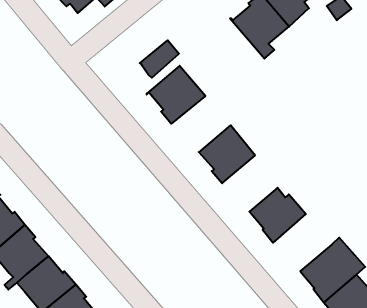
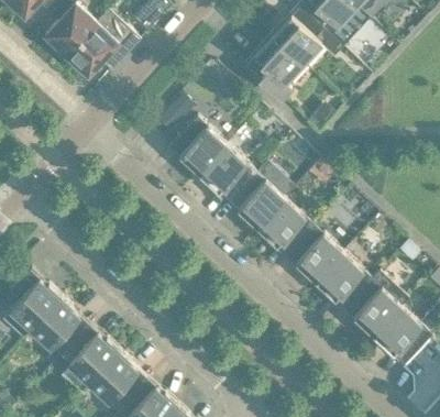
building: none -> [197,146,256,204]
building: none -> [255,200,315,257]
building: none -> [314,253,373,311]

